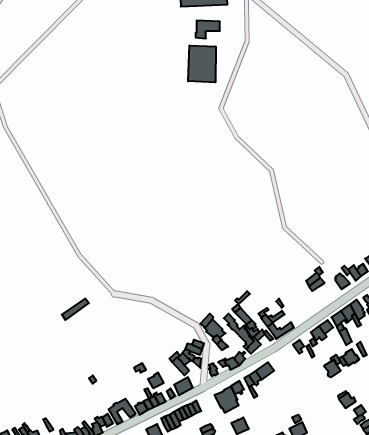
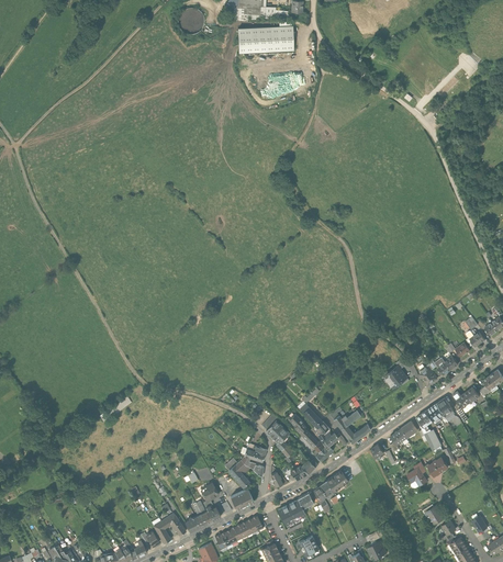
building: [188,45,216,82] -> none

